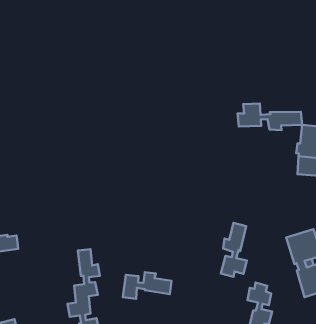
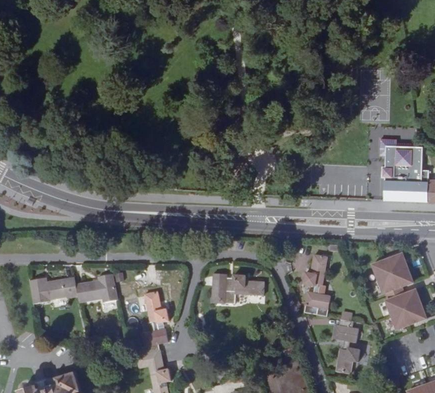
building: [238,104,302,130] -> none
building: none -> [75,274,119,304]
building: [123,272,172,299] -> [210,273,263,303]

